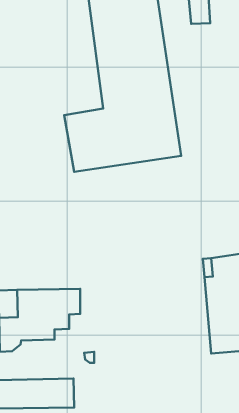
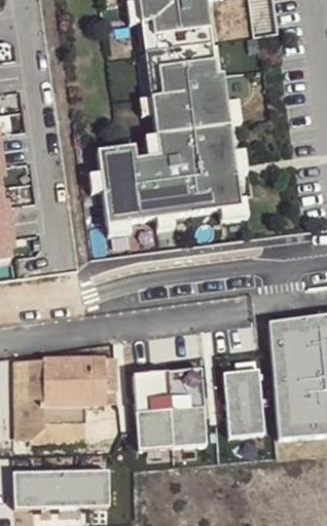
building: none -> [133,371,207,451]
building: none -> [223,371,264,439]
building: none -> [32,410,103,438]

